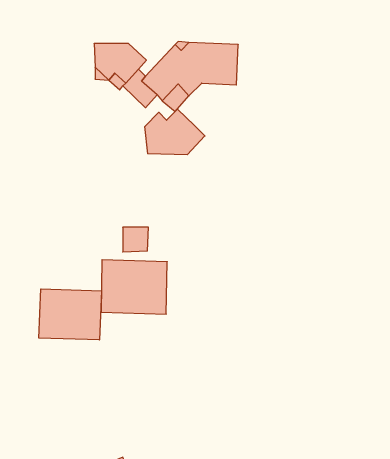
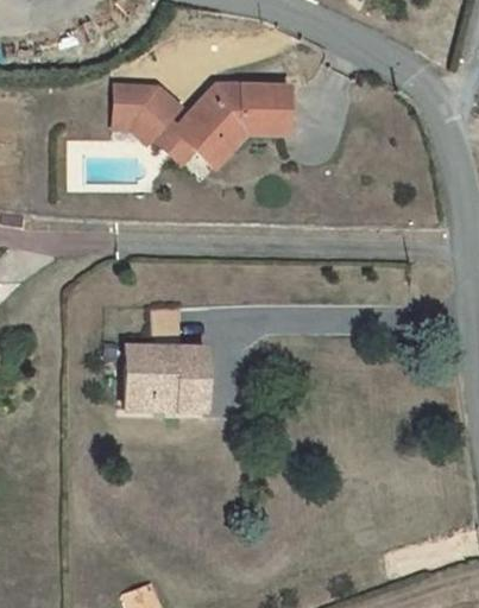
building: [145,109,205,155] -> none
building: [39,289,101,340] -> none

